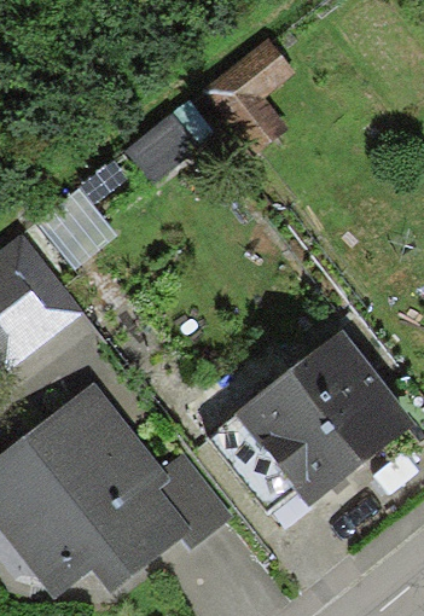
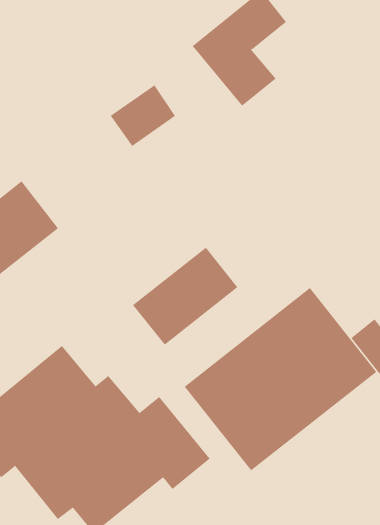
building: none -> [132,247,238,345]

